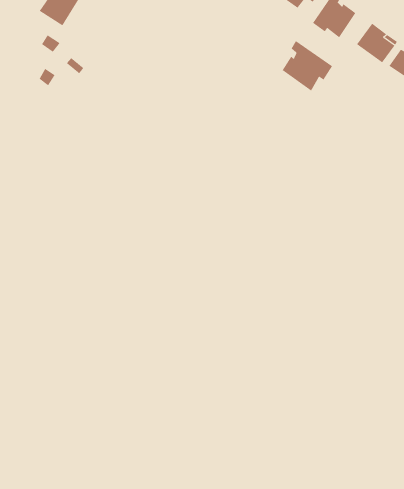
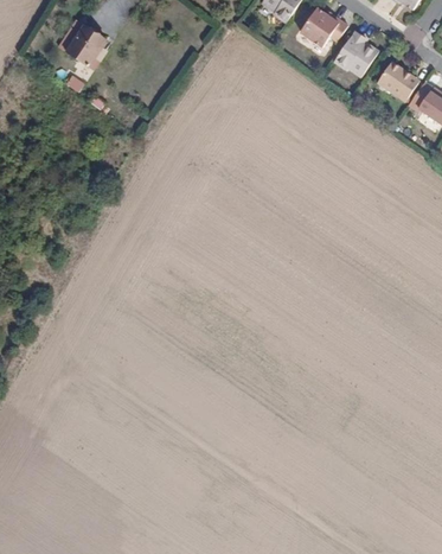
building: [282,40,333,91] -> none

